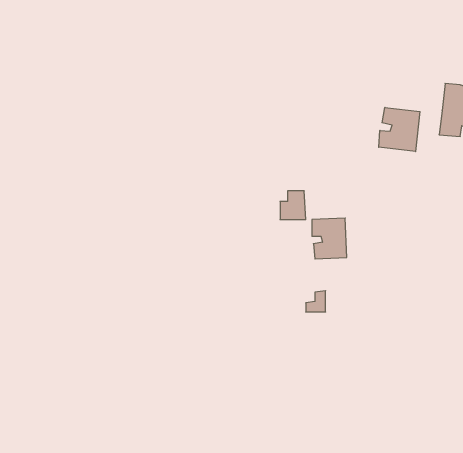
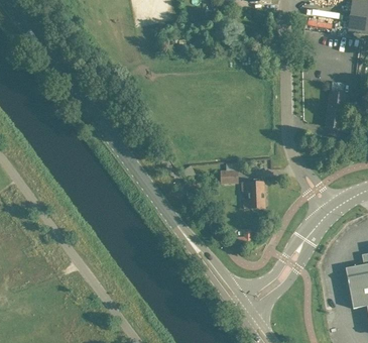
building: [379,107,420,152] -> none

